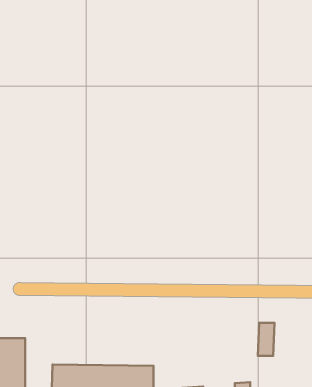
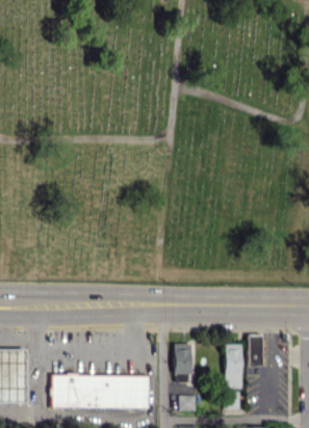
building: none -> [174,344,191,382]
building: none -> [225,345,242,390]

